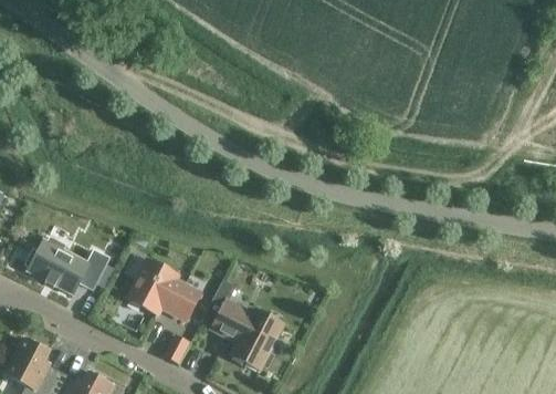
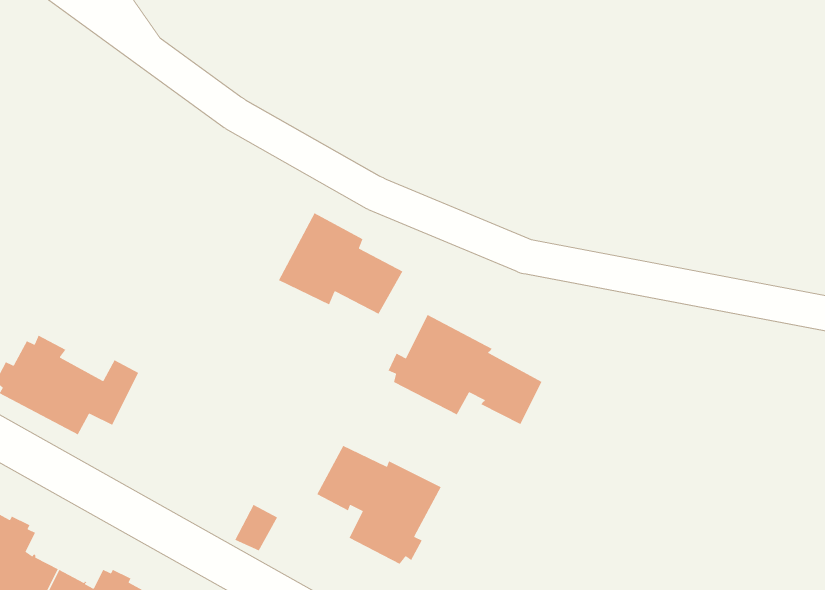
building: none -> [387,314,542,425]
building: [126,259,199,319] -> [278,212,404,315]

